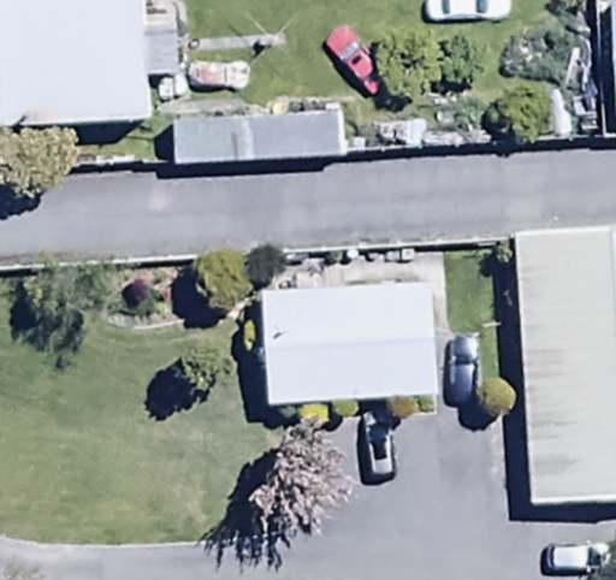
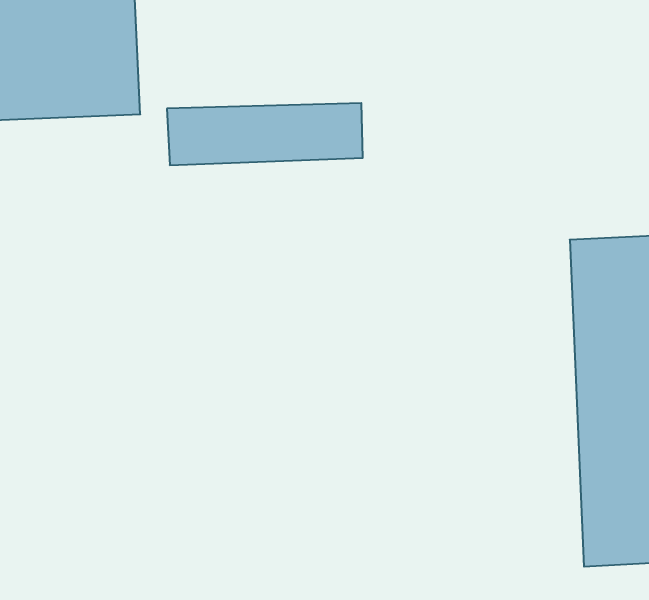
building: [262,283,440,402] -> none

